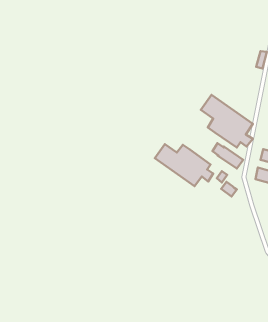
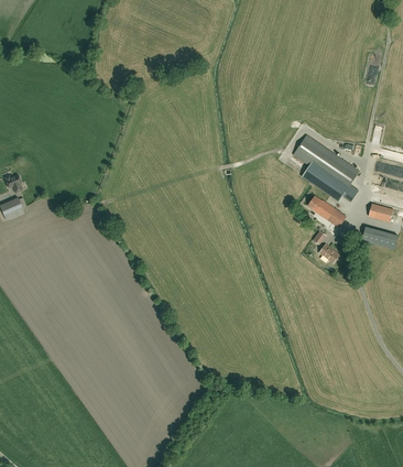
building: [155,144,213,186] -> none

